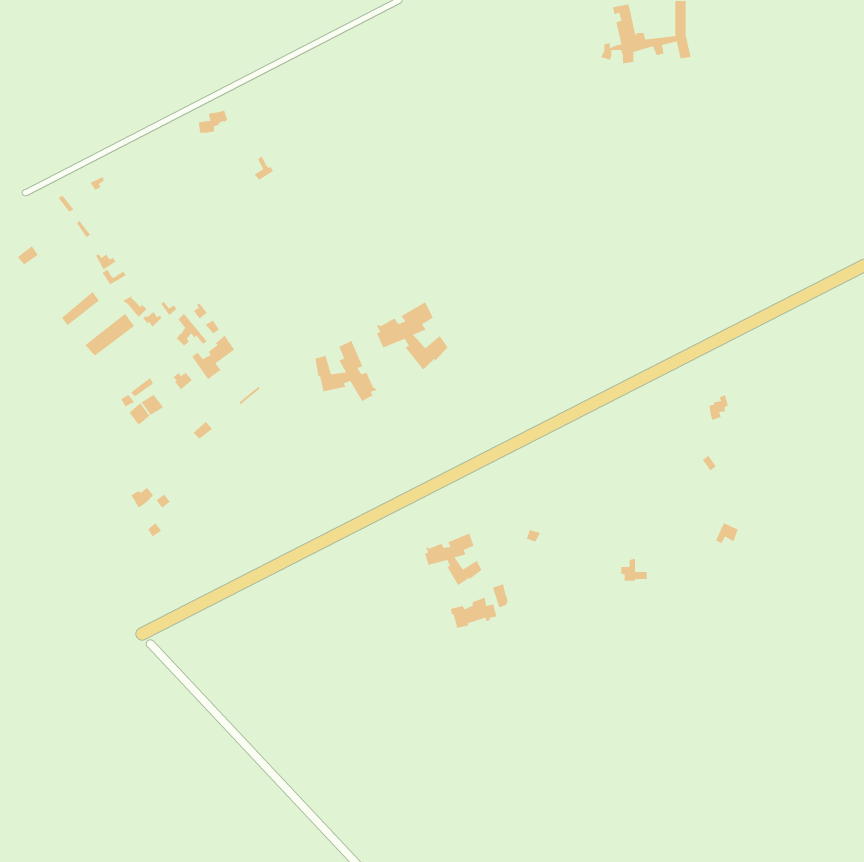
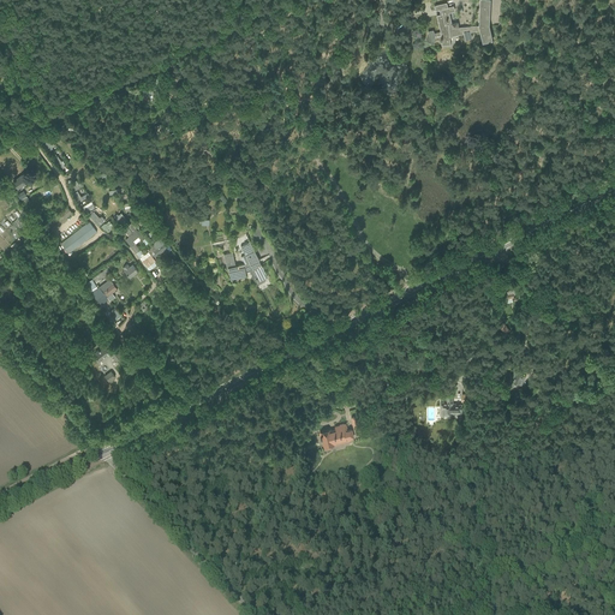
building: [370,301,449,371] -> none
building: [420,533,483,586] -> none

